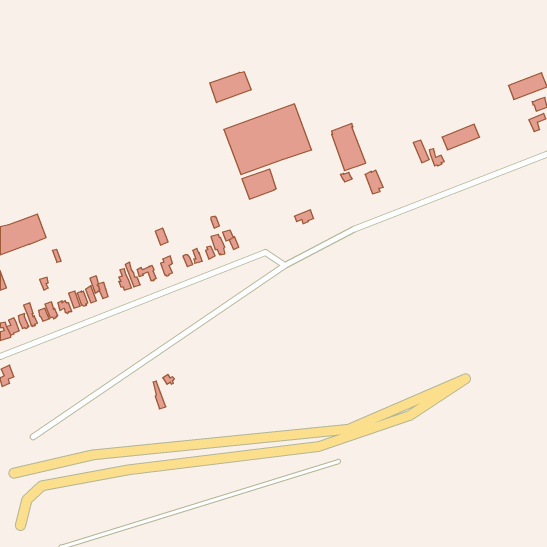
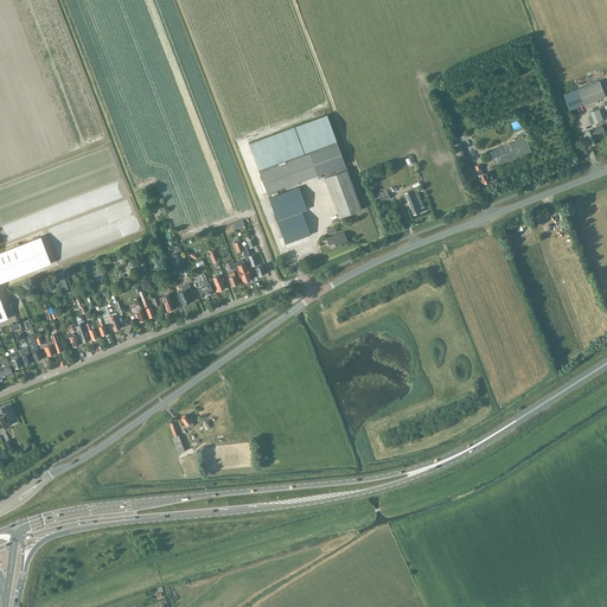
building: [210,72,251,103] -> none
building: [332,124,366,171] -> [324,166,362,218]
building: none -> [276,211,311,243]

